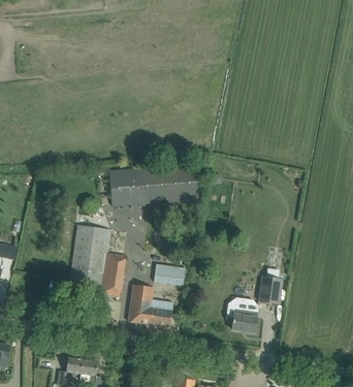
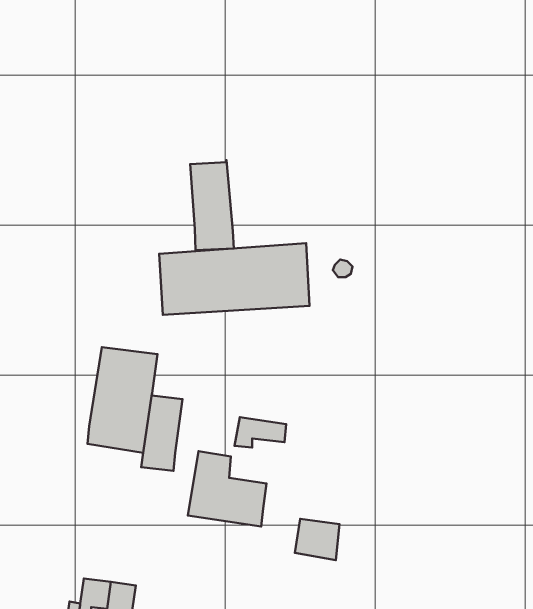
building: none -> [190,160,234,250]
building: [260,276,282,302] -> none
building: [232,308,258,331] -> [295,519,340,560]

